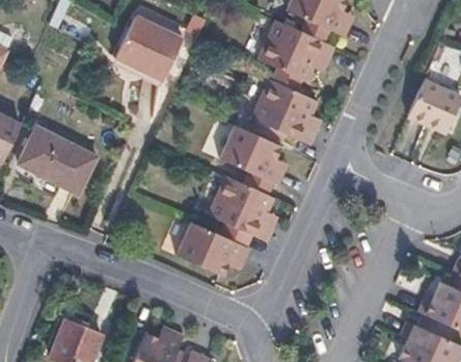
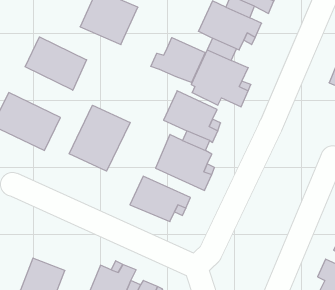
building: none -> [25,37,87,90]
building: none -> [151,38,205,82]
building: none -> [69,105,130,171]

